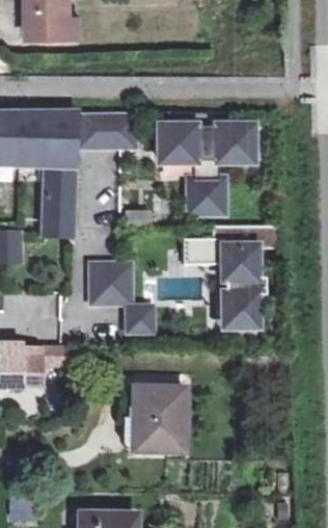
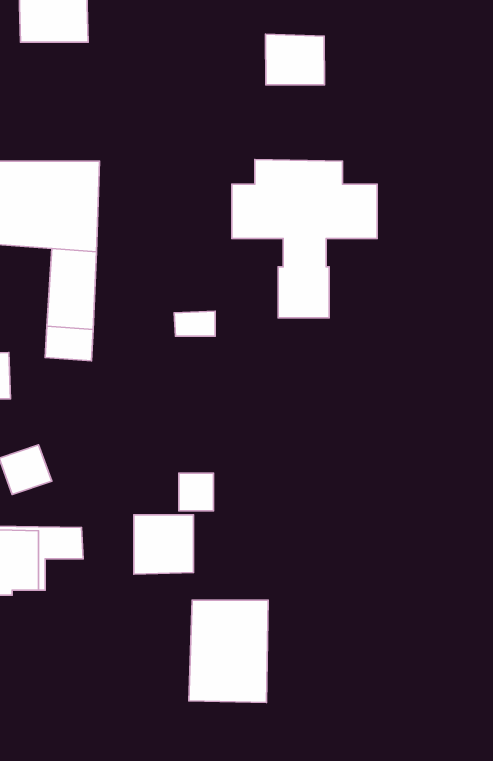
building: none -> [265,34,324,85]
building: [76,113,130,147] -> none
building: [182,227,281,342] -> none
building: [90,266,128,303] -> [134,515,193,574]

